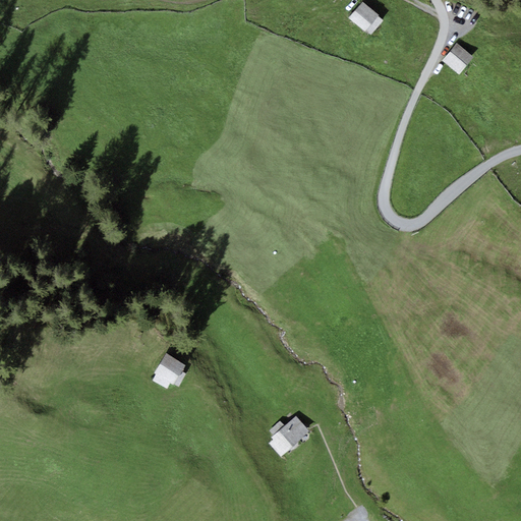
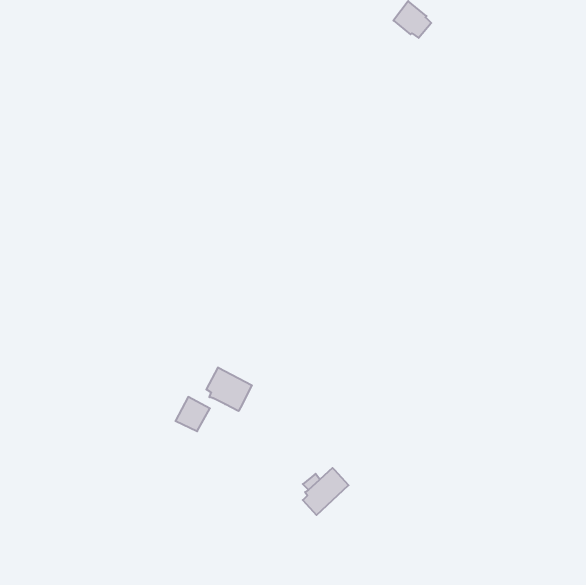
building: [442,42,474,74] -> none
building: none -> [206,367,252,411]

